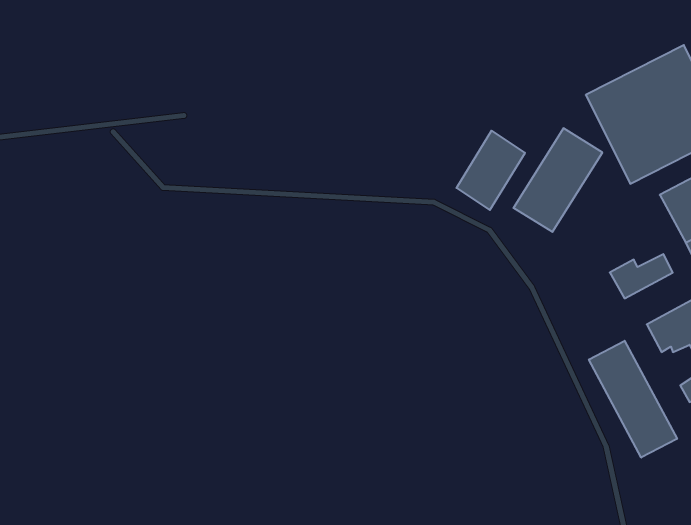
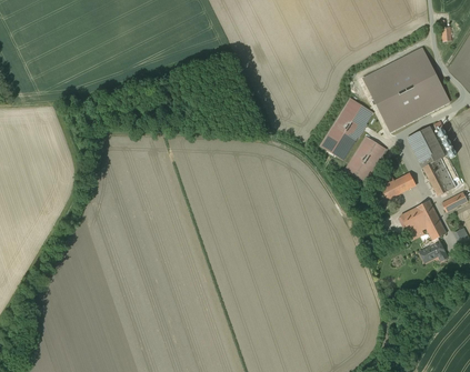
building: [456,131,525,210] -> [344,135,386,183]
building: [589,341,677,458] -> none

